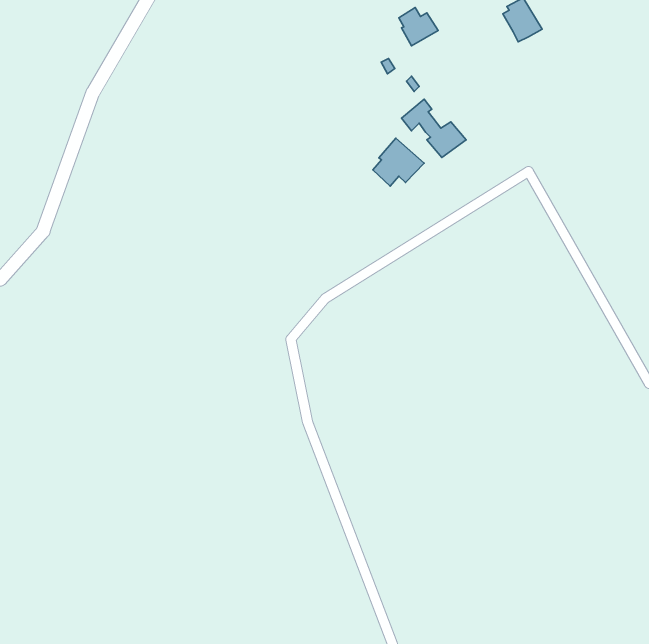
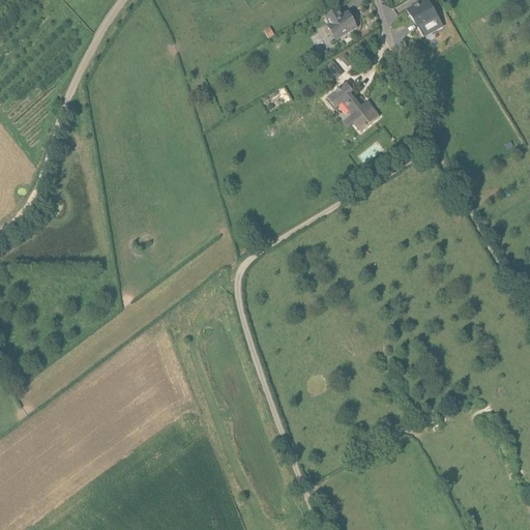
building: [373,138,424,186] -> none

